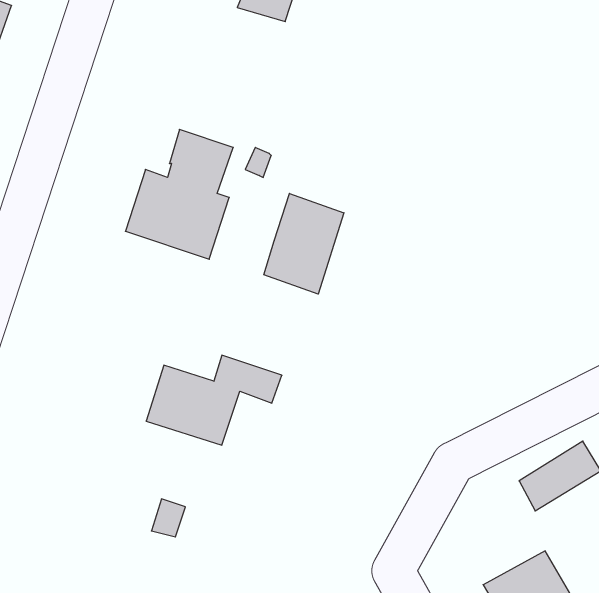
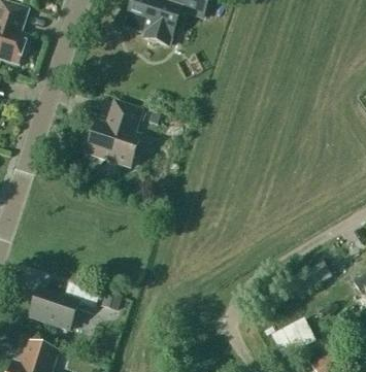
building: [264,193,344,294] -> none
building: [146,355,282,445] -> [29,281,99,328]

